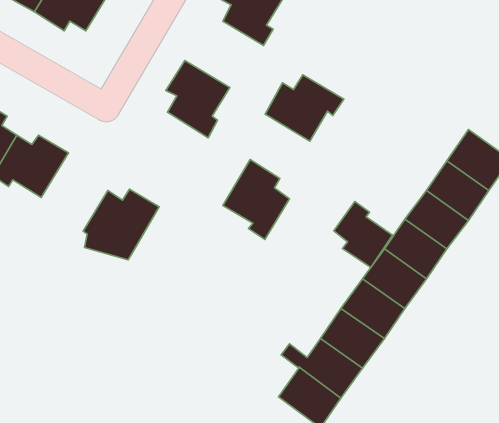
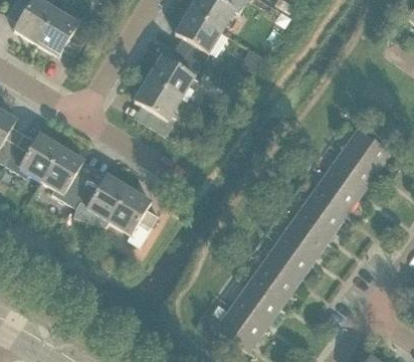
building: [265,75,344,141] -> [148,49,206,99]
building: none -> [41,147,90,205]
building: [223,159,289,239] -> [109,187,158,246]
building: [334,201,393,268] -> none

